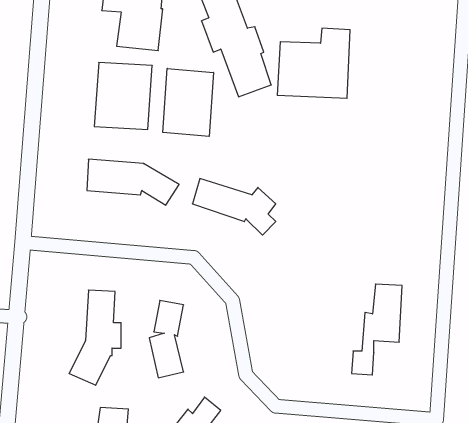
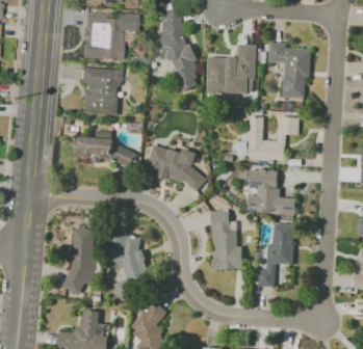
building: none -> [270,43,312,99]
building: [163,68,213,136] -> none
building: none -> [239,111,300,159]
building: none -> [257,169,295,216]
building: none -> [215,210,244,269]

